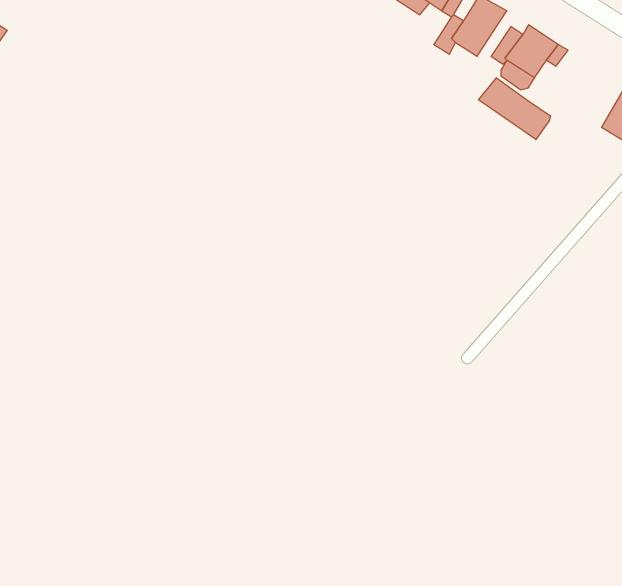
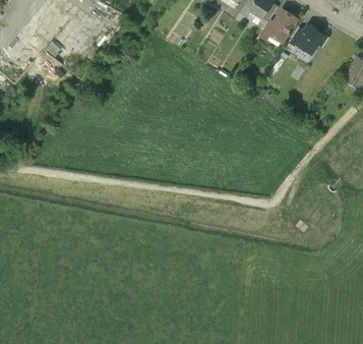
building: [479,78,551,140] -> none

